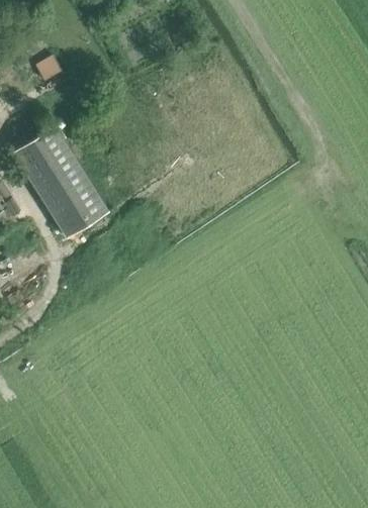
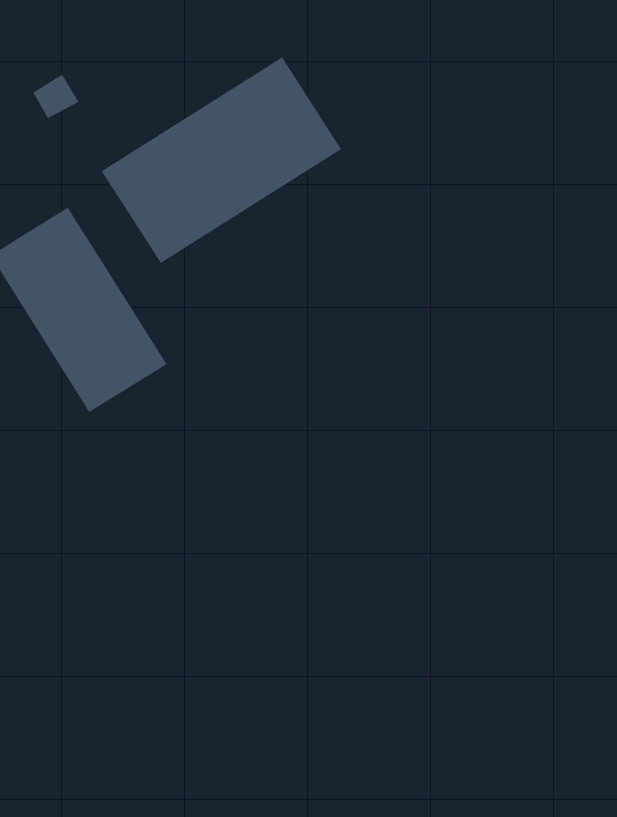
building: none -> [101,56,342,264]

